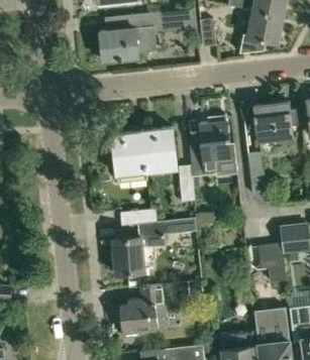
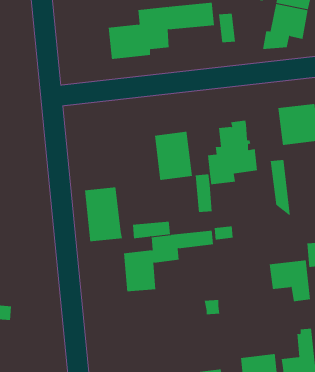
building: [112,131,147,182] -> [84,187,123,242]
building: [119,284,166,338] -> none

